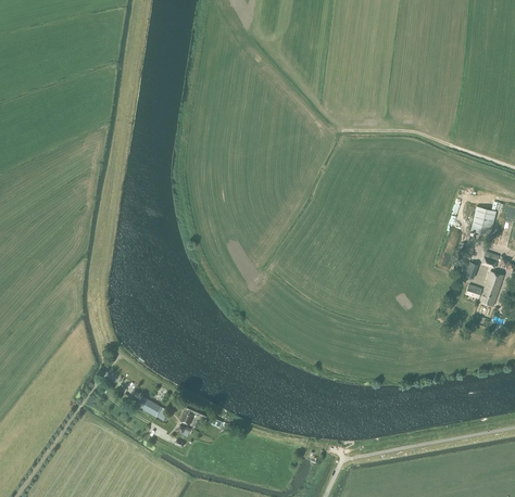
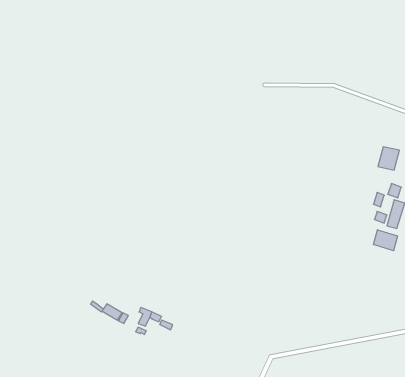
building: none -> [373,230,397,251]

